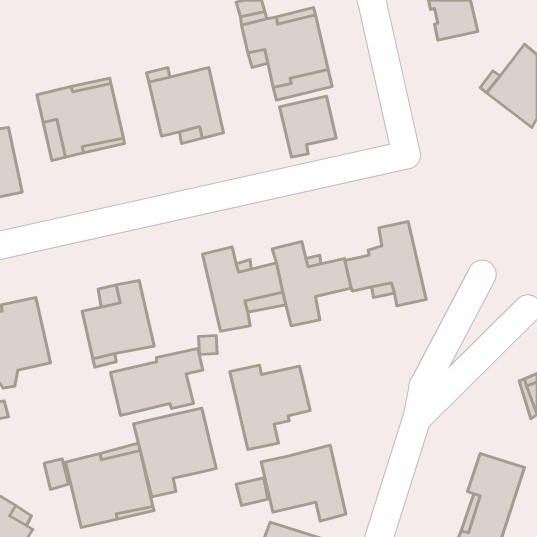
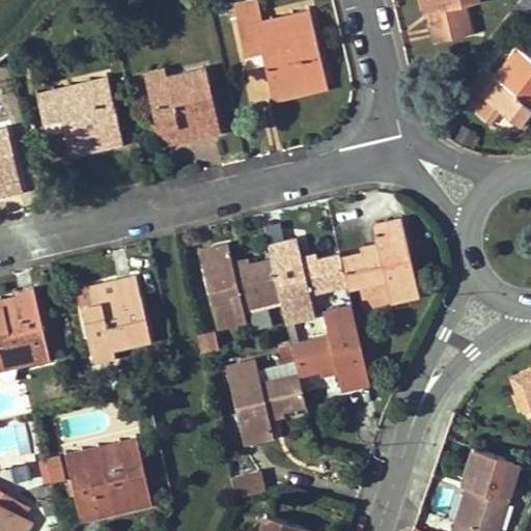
building: [279,96,336,157] -> none
building: none -> [290,308,369,389]
building: [111,349,203,416] -> none
building: [134,408,216,497] -> none
building: [261,445,346,521] -> none

